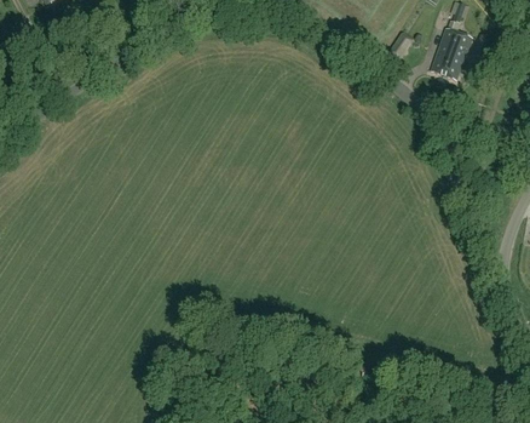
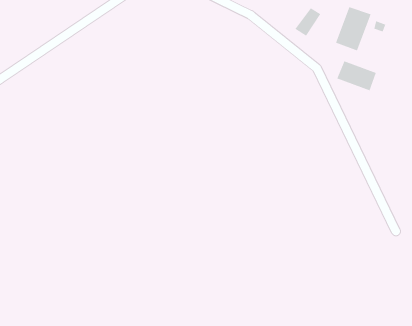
building: none -> [337,61,377,91]

